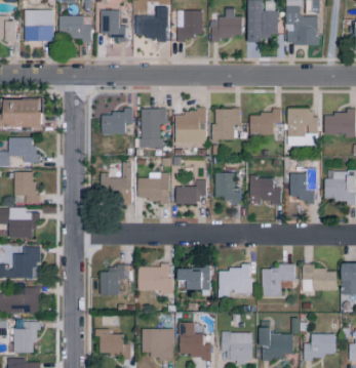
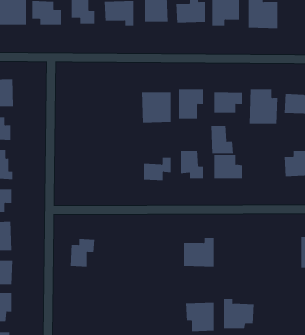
building: [102,109,133,134] -> none
building: [141,109,167,148] -> none
building: [101,163,131,205] -> none
building: [137,172,170,202] -> none
building: [290,173,315,203] -> [210,126,234,154]
building: [177,264,210,290] -> none
building: [262,264,294,297] -> none
building: [302,264,337,291] -> none
building: [137,267,171,294] -> none
building: [179,322,211,360] -> none
building: [98,329,131,357] -> none
building: [142,329,174,360] -> none
building: [304,334,335,359] -> none

